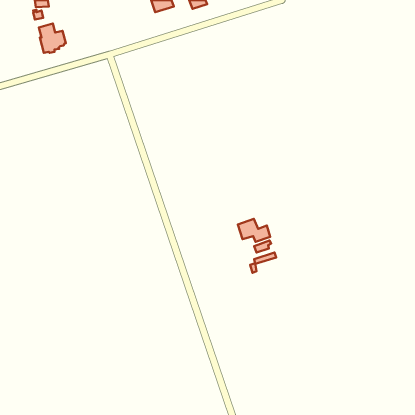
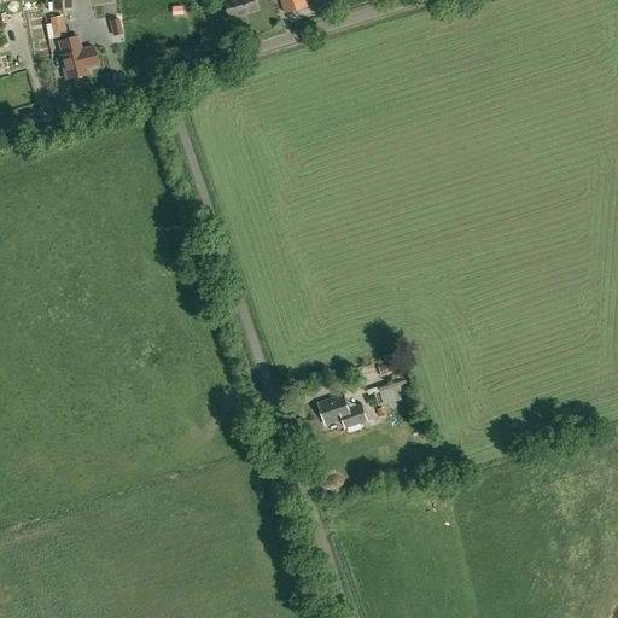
building: [238,219,270,242] -> [319,393,367,427]

